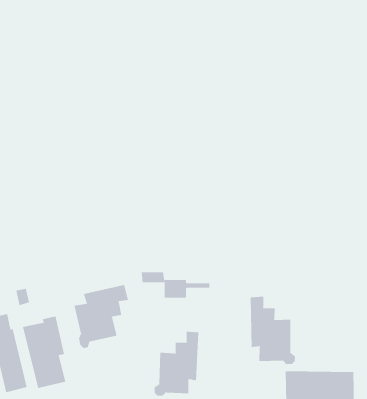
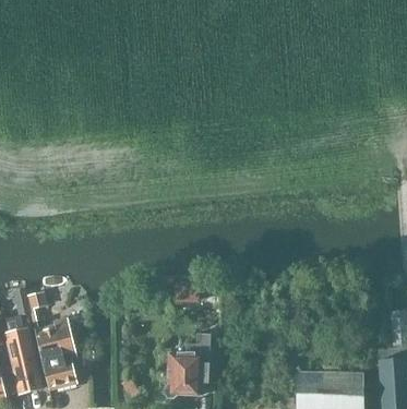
building: [74,284,129,349] -> none
building: [250,296,295,365] -> none

